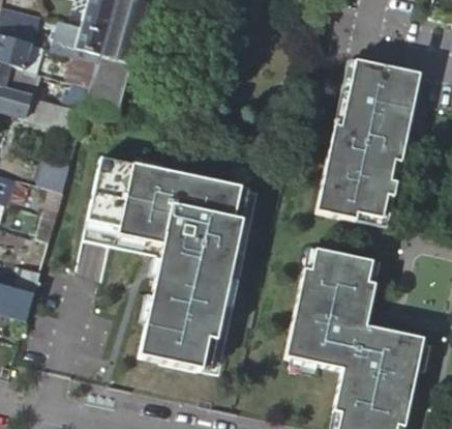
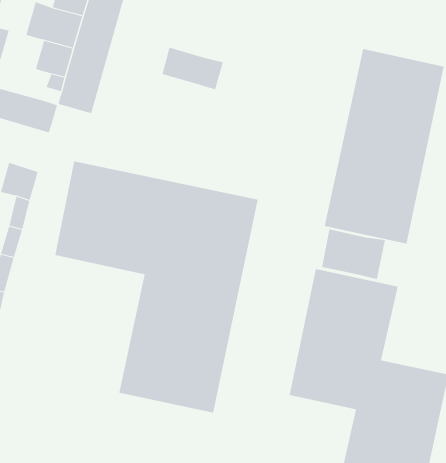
building: none -> [162,47,223,90]
building: none -> [321,229,386,280]

